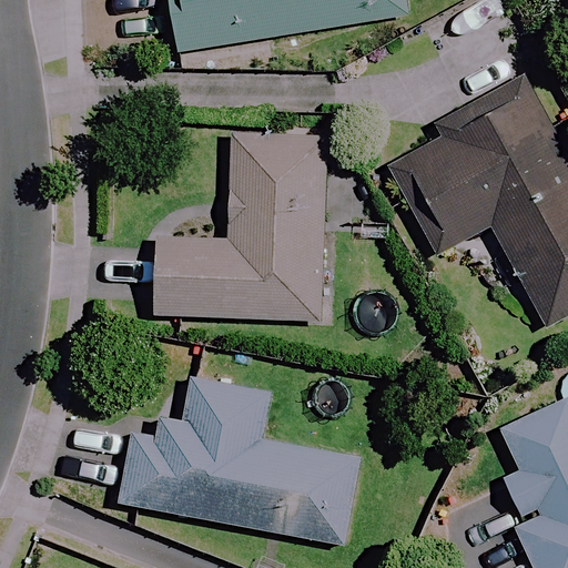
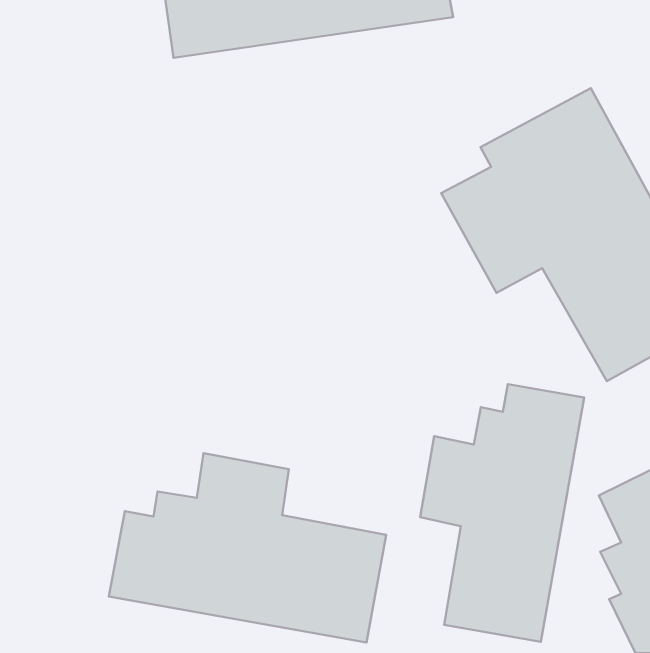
building: [148,129,317,321] -> none
building: none -> [420,384,584,642]

